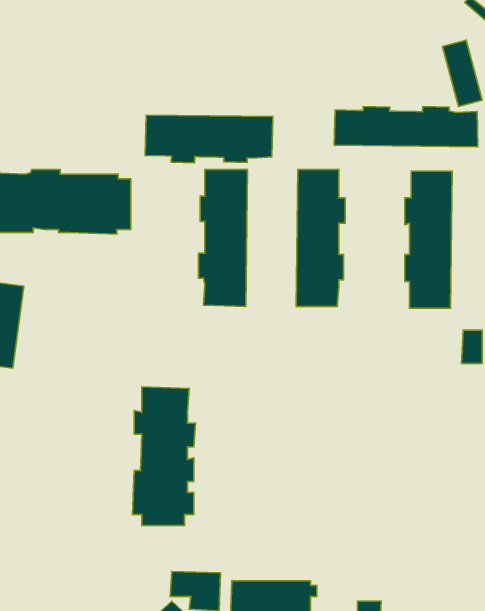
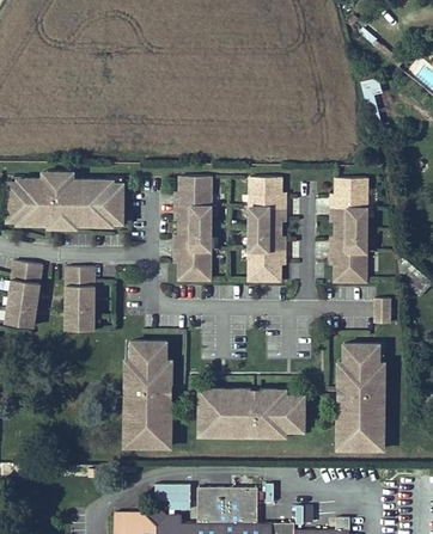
building: [334,106,478,147] -> none
building: [145,115,273,163] -> none
building: none -> [66,266,94,330]
building: none -> [339,345,385,450]
building: none -> [199,389,304,437]

